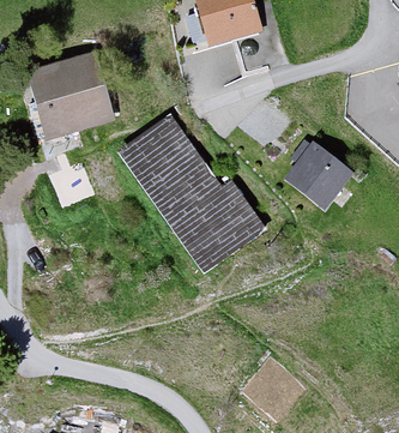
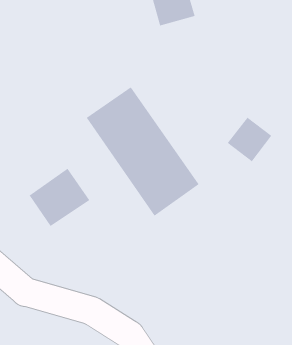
building: [29,58,110,133] -> none
building: none -> [29,168,90,227]

